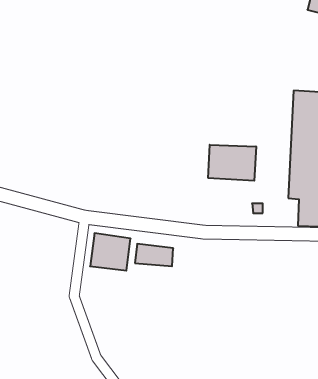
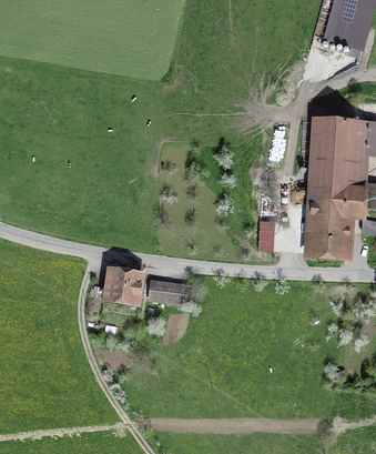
building: [208,145,256,181] -> none

